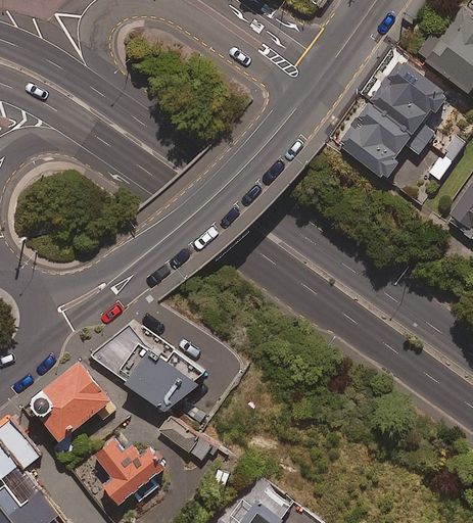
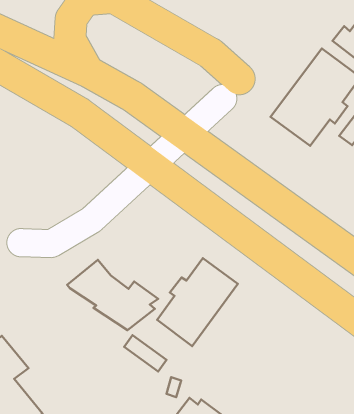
building: none -> [157,258,238,346]
building: [28,360,115,440] -> none
building: [93,436,160,504] -> none

